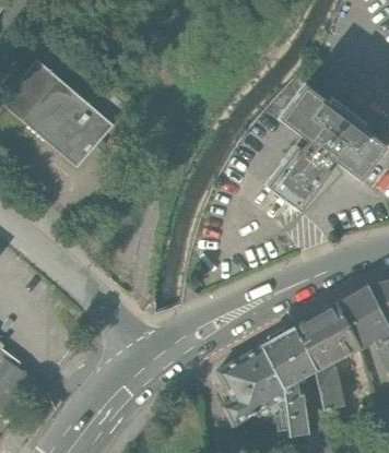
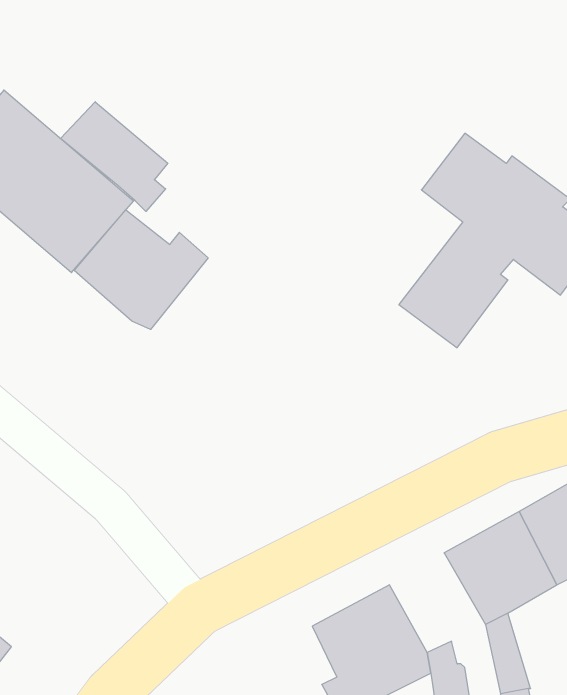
building: none -> [60,102,168,211]
building: none -> [74,210,208,329]
building: [260,329,316,386] -> none

